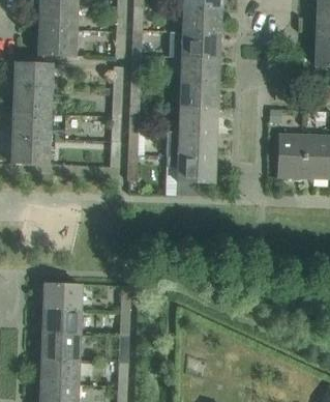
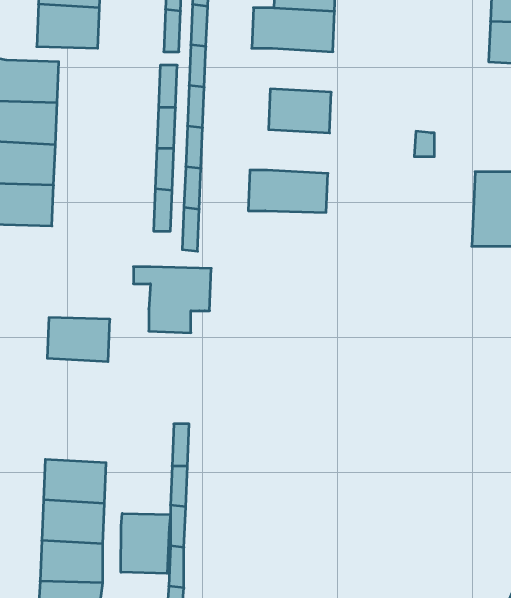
building: [181,57,219,84] -> none
building: [179,107,217,134] -> none
building: [276,132,306,178] -> none
building: [168,156,215,197] -> [133,267,211,333]
building: [43,284,82,311] -> [47,318,110,362]
building: none -> [121,513,170,573]

